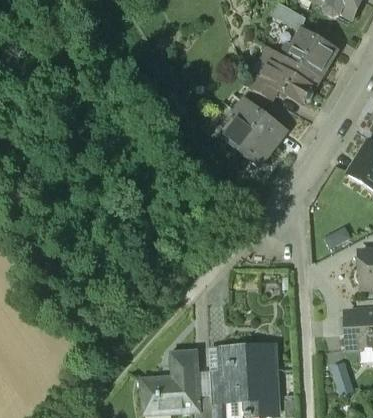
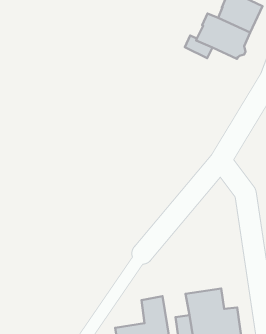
building: [222,97,285,164] -> none

